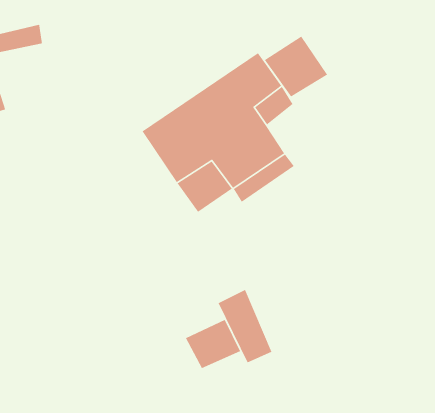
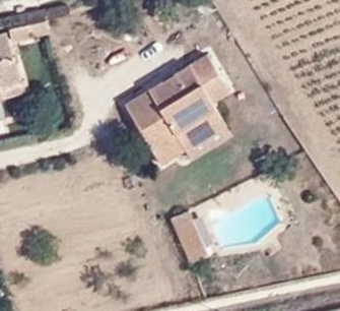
building: [264,36,328,98] -> none
building: [185,319,241,369] -> none

